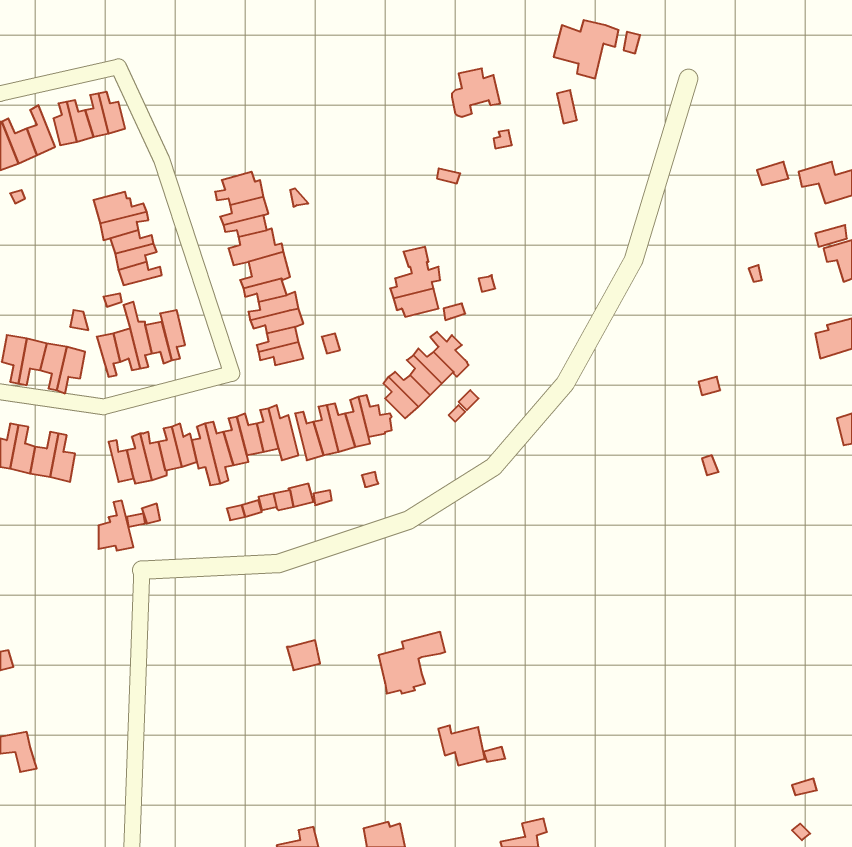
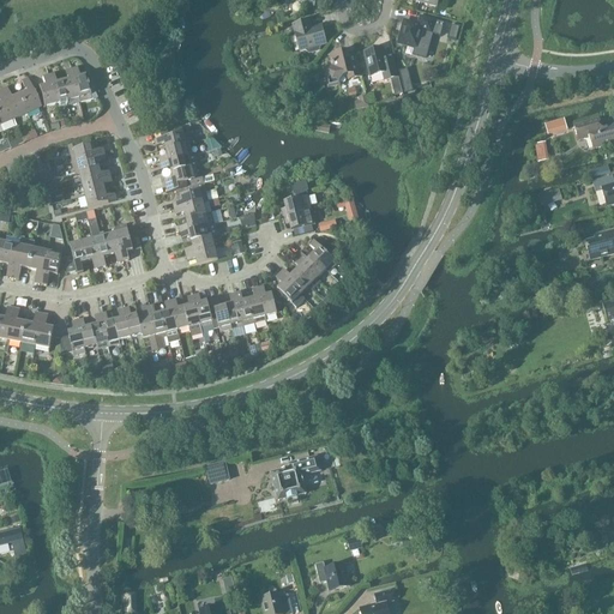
building: none -> [294,18,326,50]
building: none -> [365,46,397,78]
building: [98,501,133,551] -> [61,318,86,354]
building: [438,725,485,765] -> [315,560,349,589]

